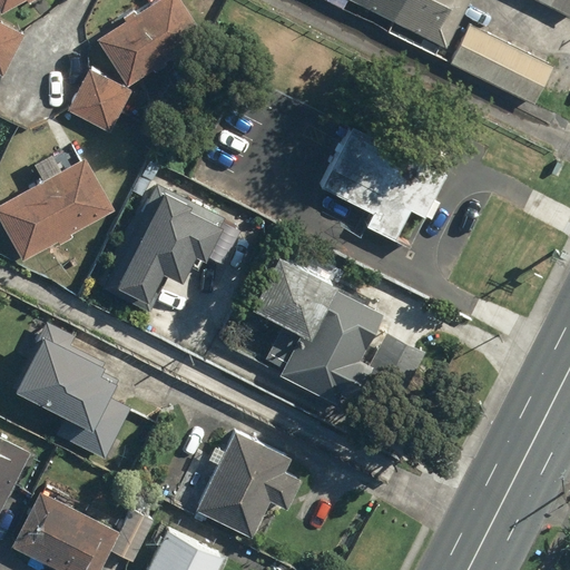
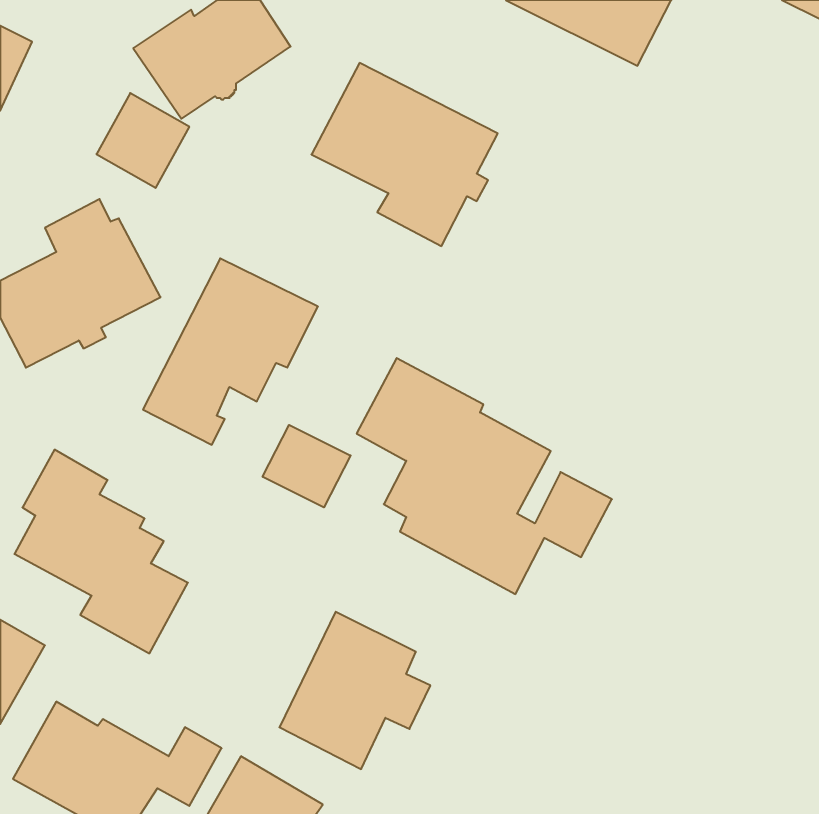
building: [450,26,553,107] -> none
building: [317,124,446,250] -> [311,63,498,246]
building: none -> [263,425,351,507]

